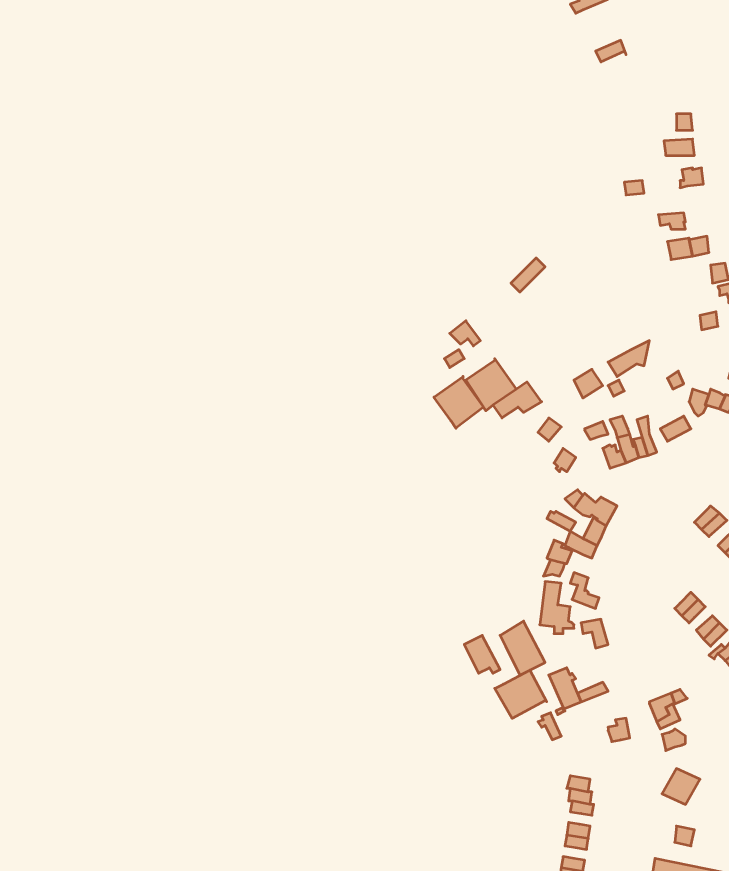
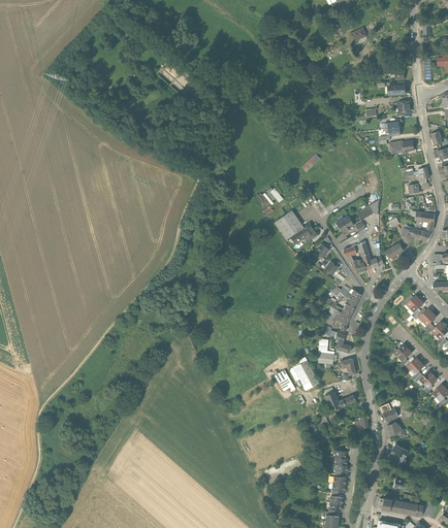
building: [434,376,483,428] -> none
building: [495,670,547,718] -> none

